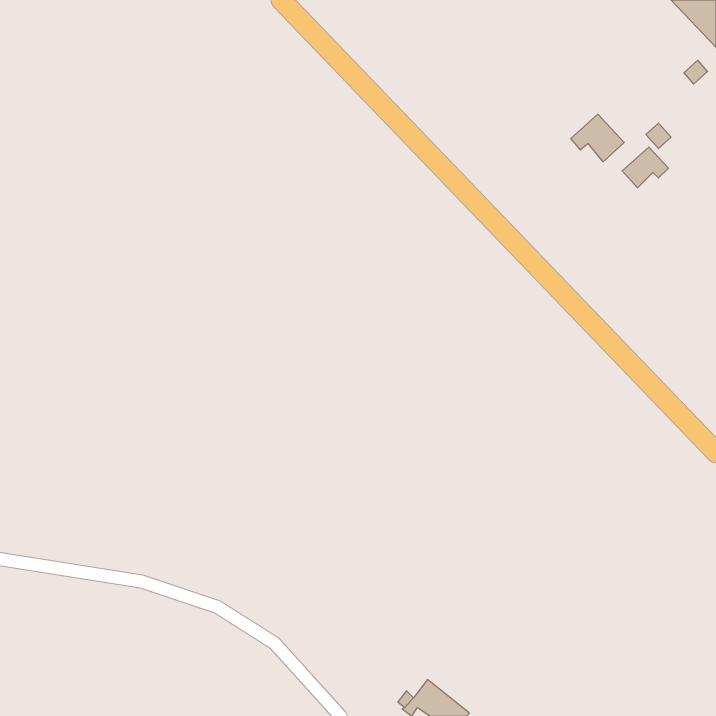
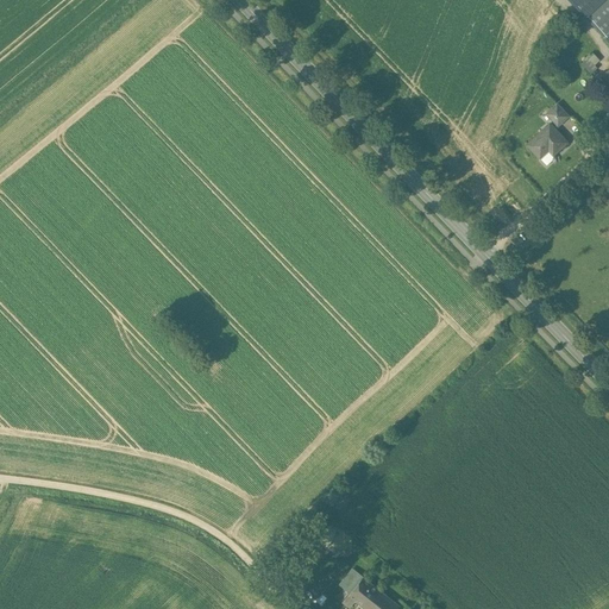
building: [571,114,624,162] -> none

